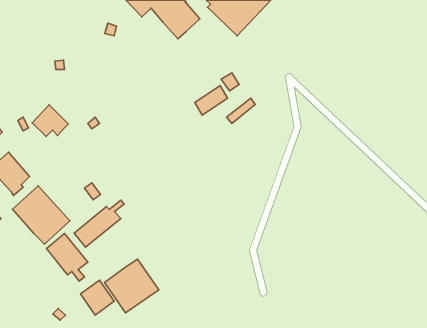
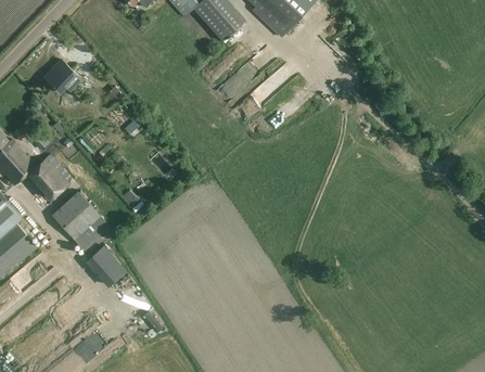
building: [32,105,68,137] -> [43,59,80,91]
building: [74,200,124,247] -> none
building: [104,259,159,313] -> none

